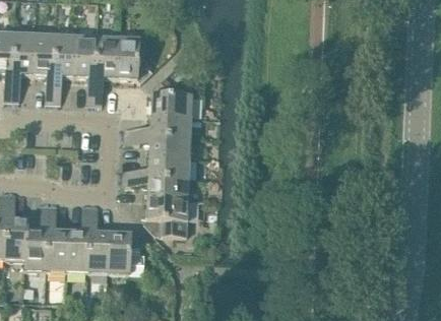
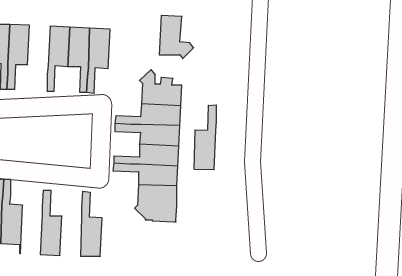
building: [33,33,56,101] -> none
building: [116,37,151,81] -> [159,15,194,59]
building: none -> [194,105,216,170]
building: [25,203,49,269] -> none
building: [66,204,89,271] -> none
building: [108,230,145,273] -> none

